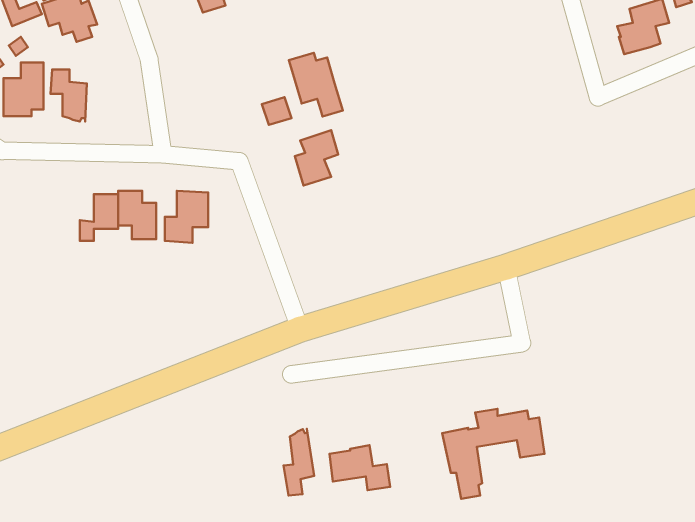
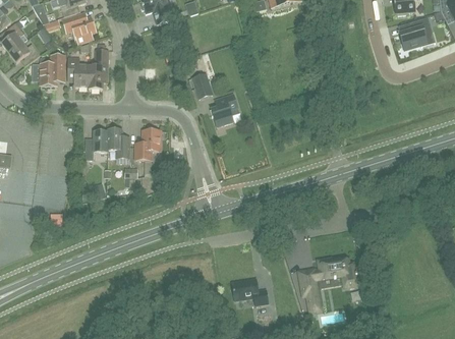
building: [289,53,343,117] -> none
building: none -> [88,50,107,90]
building: [283,429,314,495] -> none

